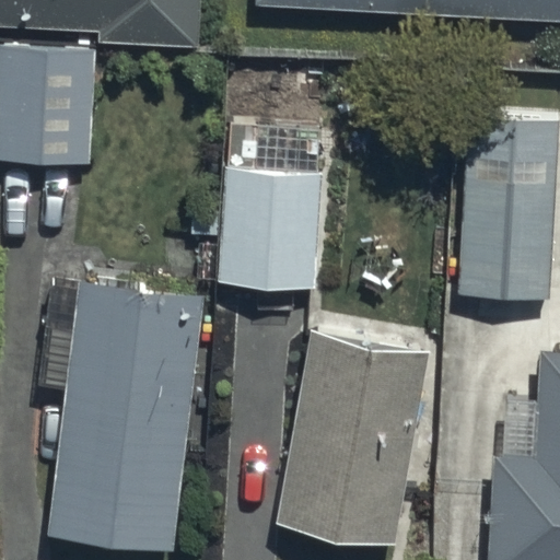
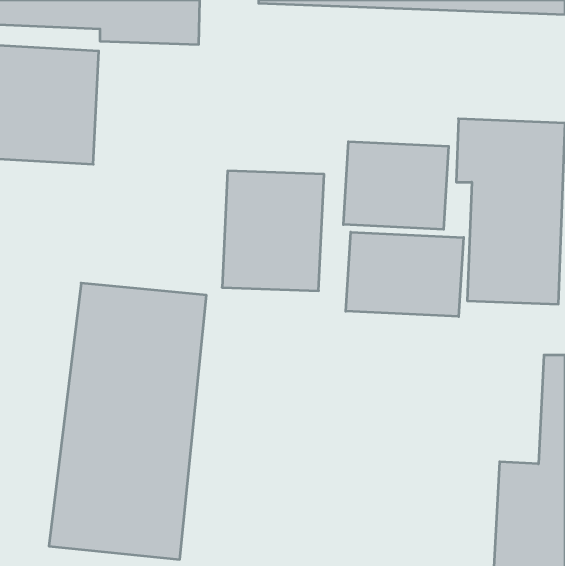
building: none -> [343,142,449,229]
building: none -> [346,232,464,317]
building: [273,330,431,547] -> none

